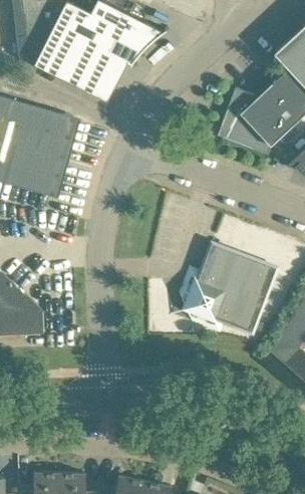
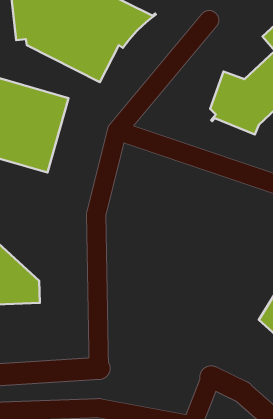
building: [180,244,276,334] -> none

